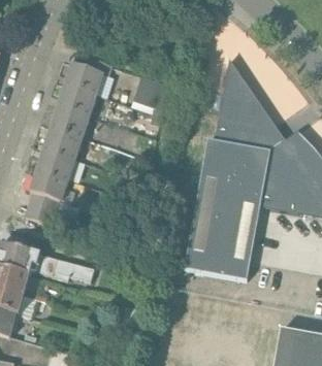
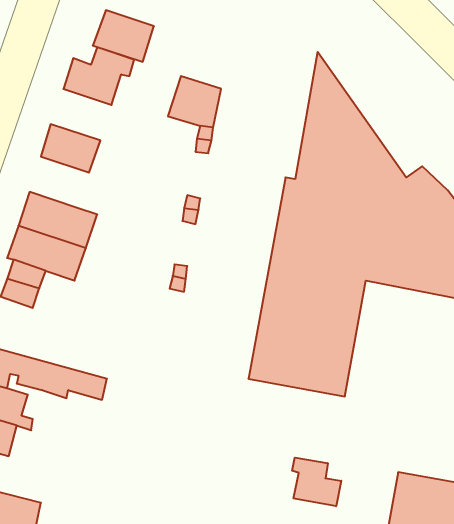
building: [57,82,96,115] -> [93,10,154,62]
building: [43,126,82,159] -> none
building: none -> [292,458,341,506]

